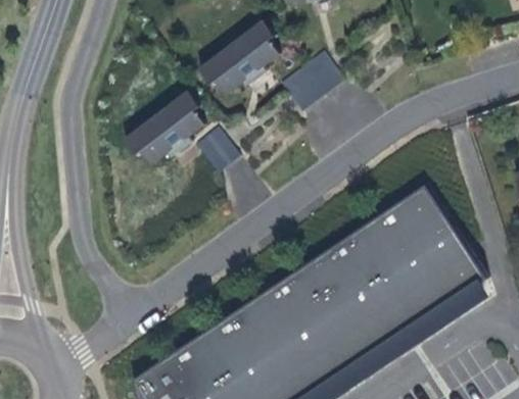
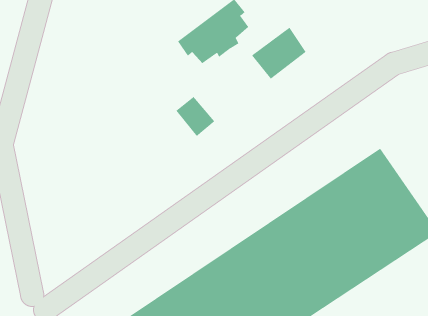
building: [126,92,204,163] -> none

